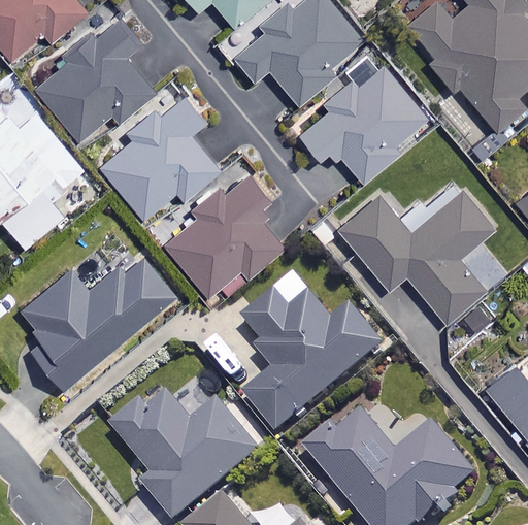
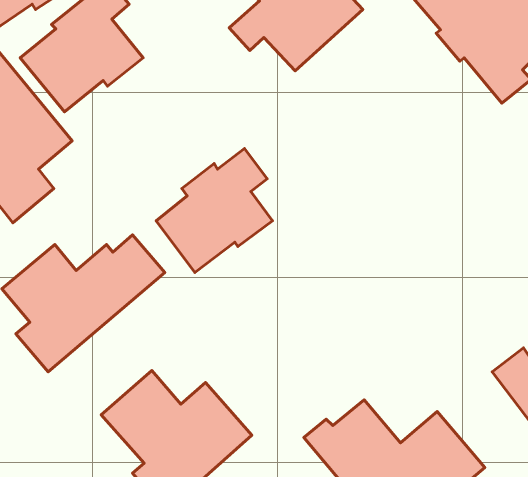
building: [299,67,430,179] -> none
building: [102,94,219,219] -> none
building: [339,193,506,324] -> none
building: [243,295,383,432] -> none

